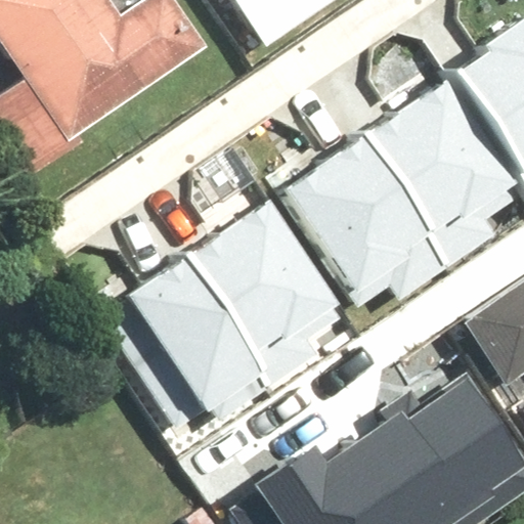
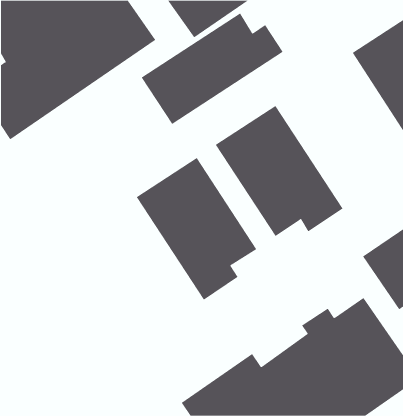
building: none -> [141,12,283,125]
building: [363,82,516,262] -> none
building: [110,248,272,412] -> none

